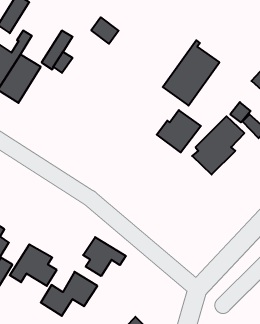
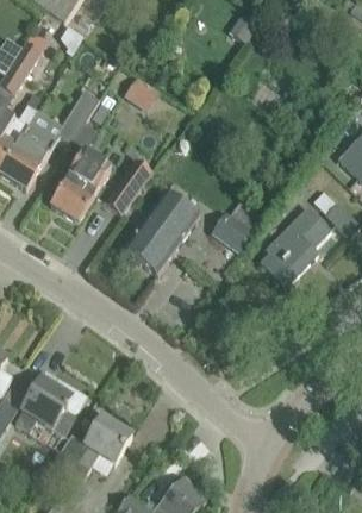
building: [163,40,219,106] -> [123,186,199,274]
building: none -> [50,151,111,220]
building: none -> [104,158,152,213]
building: [83,237,126,276] -> none

